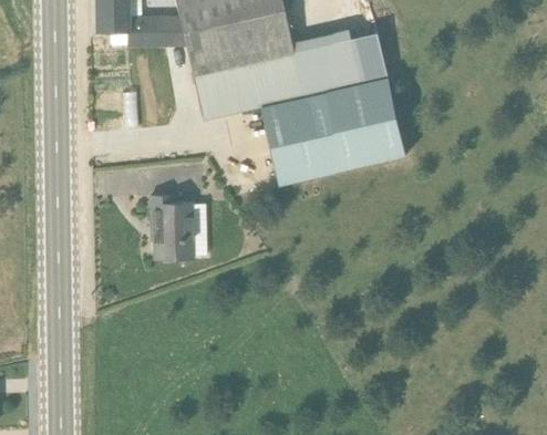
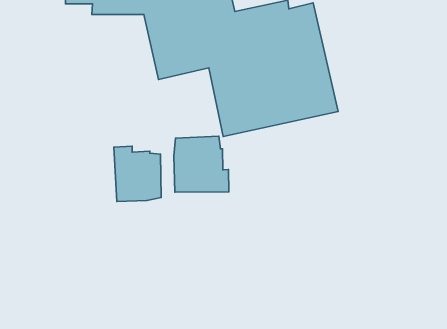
building: none -> [174,136,229,192]

